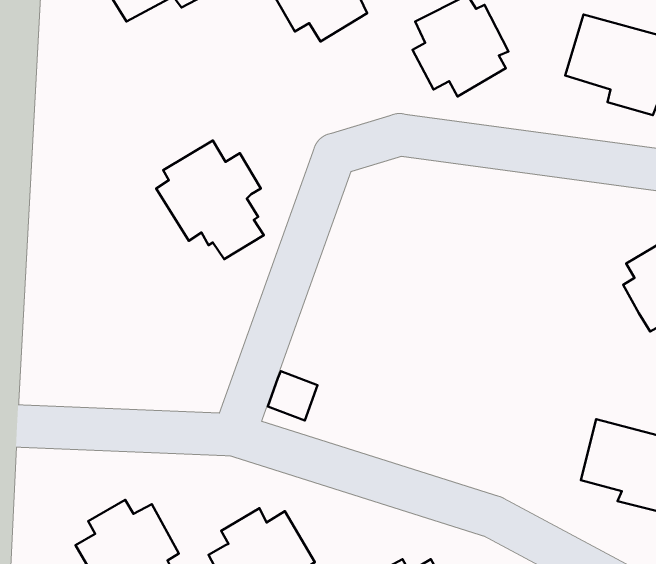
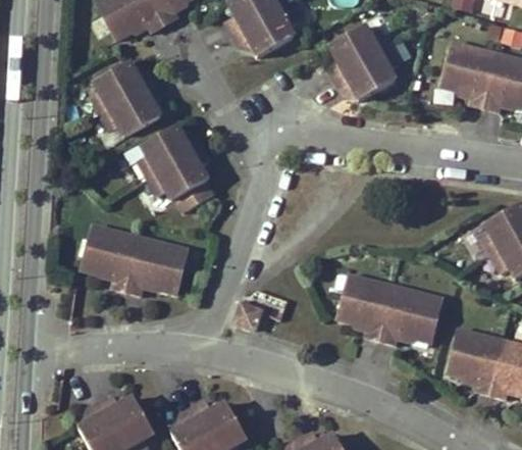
building: none -> [90,65,166,142]
building: none -> [83,226,193,296]
building: none -> [340,278,443,344]

